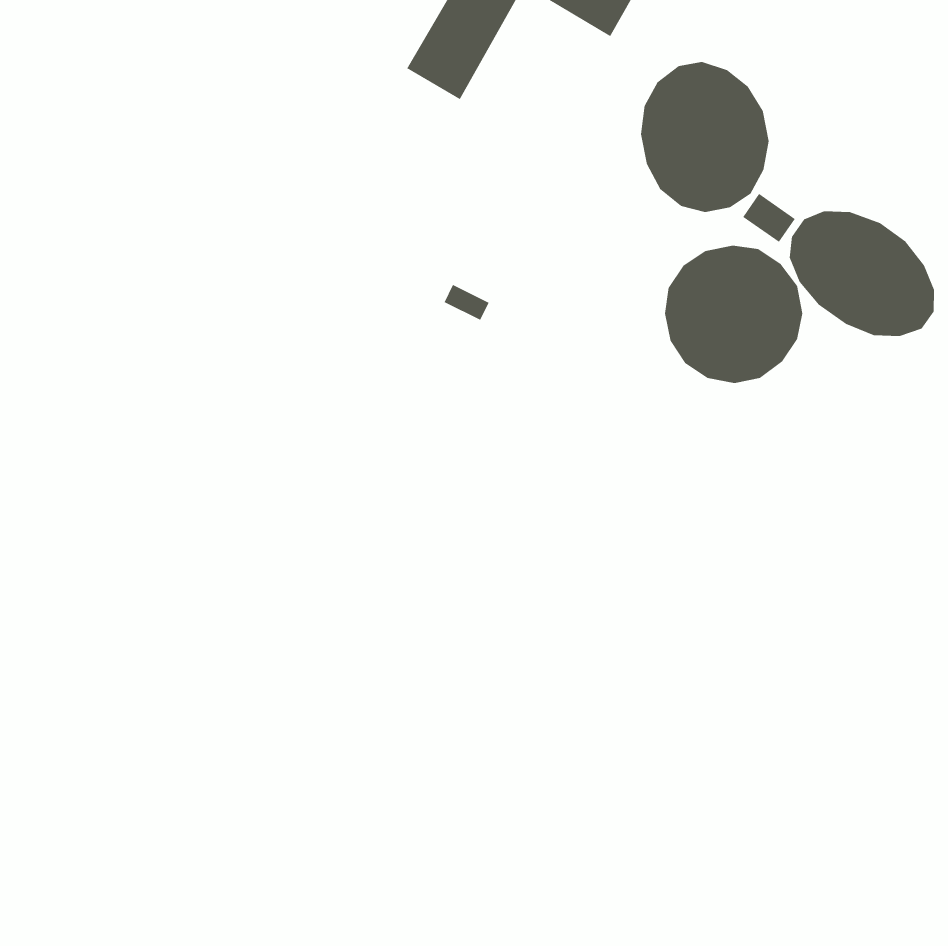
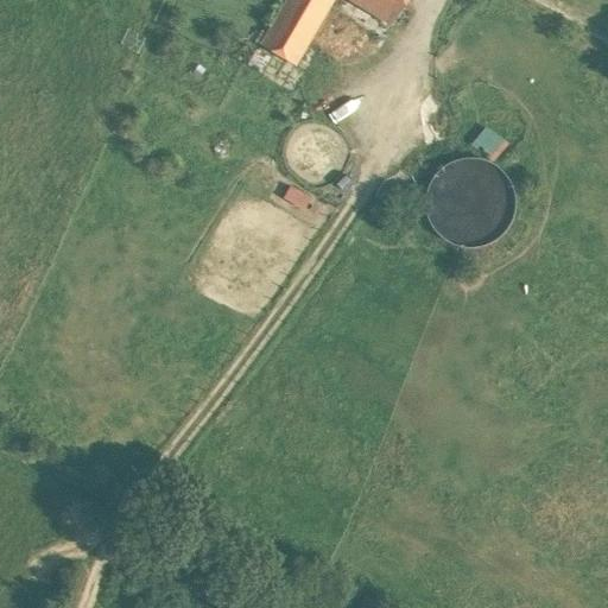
building: [640,61,769,213] -> none
building: [789,211,935,337] -> none

